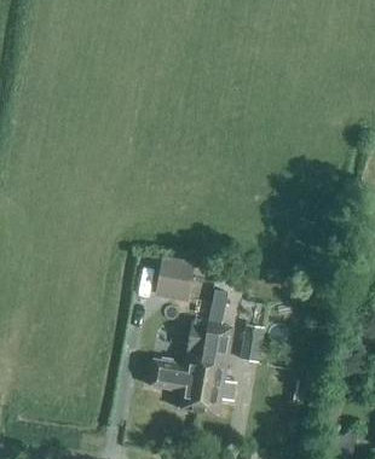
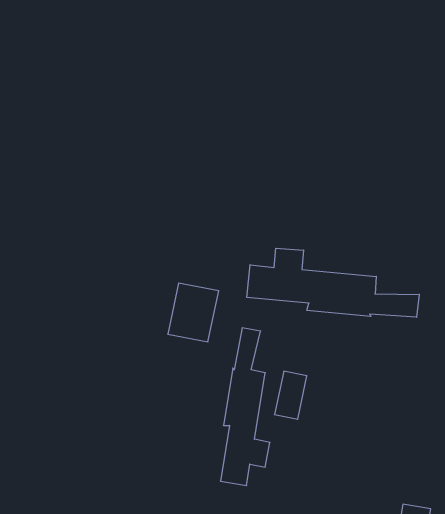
building: none -> [247,248,419,317]
building: [149,318,207,409] -> none

